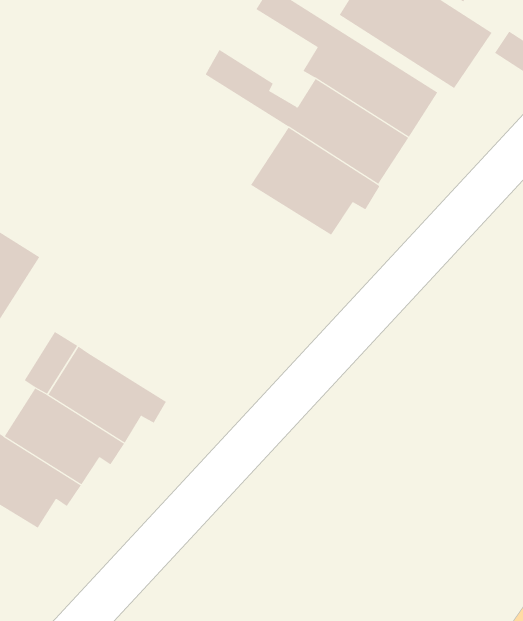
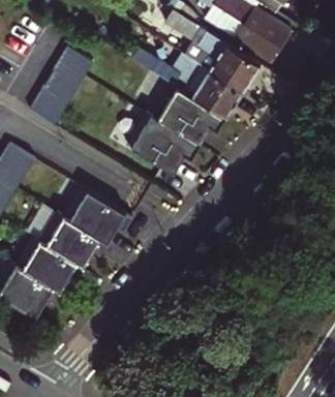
building: none -> [30,47,94,125]
building: none -> [126,114,201,175]
building: none -> [62,185,131,241]

